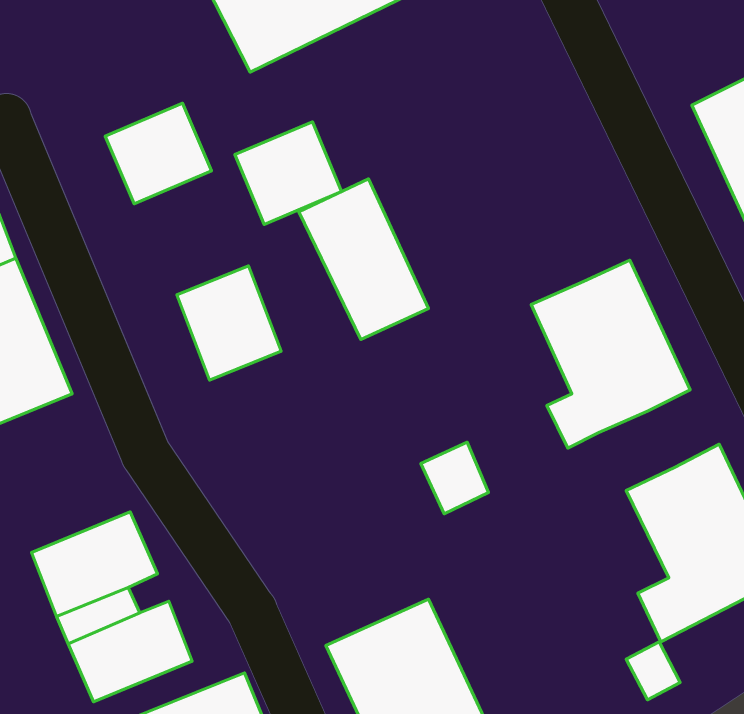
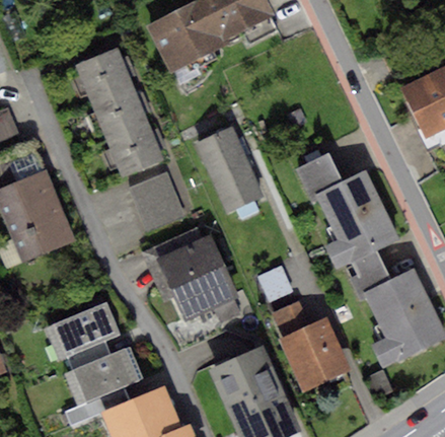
building: none -> [76,49,133,104]
building: [235,122,342,224] -> [107,123,163,176]
building: none -> [295,152,343,197]
building: none -> [152,230,245,321]
building: none -> [350,248,390,293]
building: none -> [273,302,350,392]

